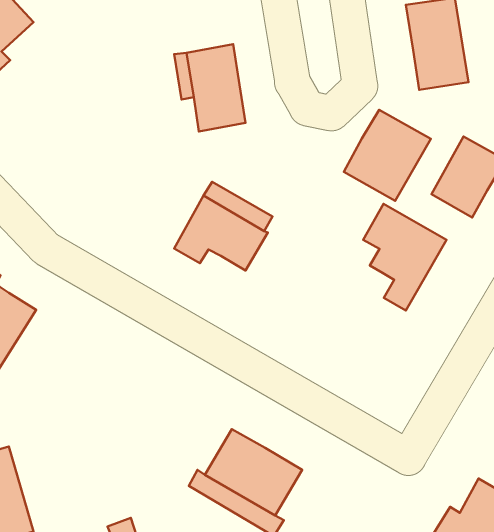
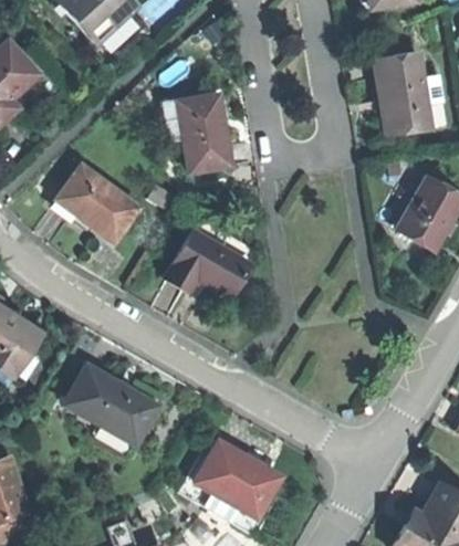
building: [344,110,431,201] -> none
building: none -> [56,166,139,242]
building: [363,204,446,310] -> none
building: none -> [64,365,158,444]

